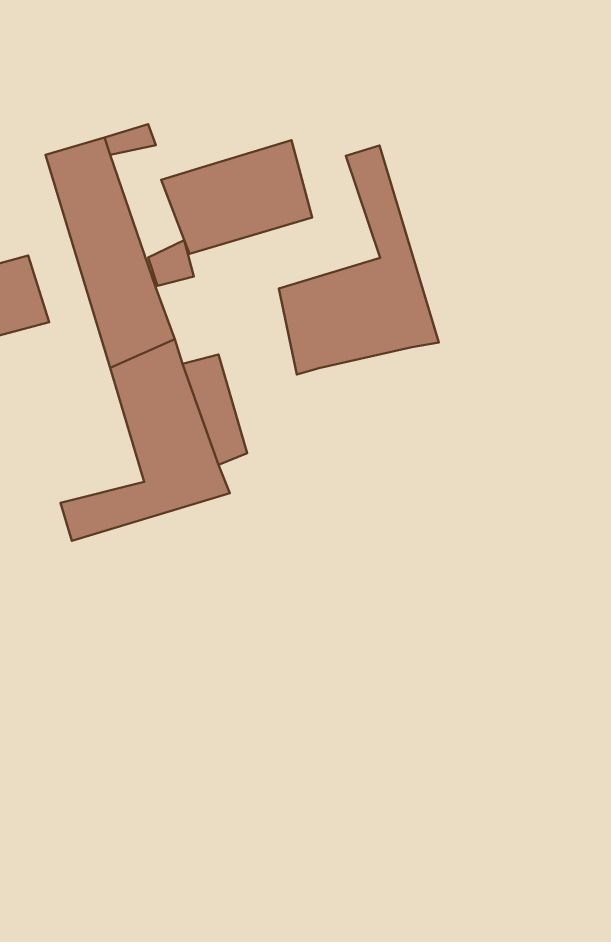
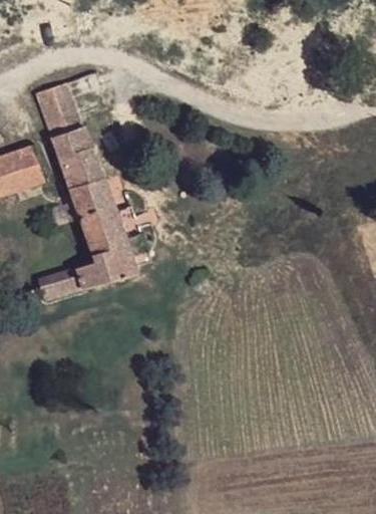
building: [161,140,312,254] -> none
building: [279,146,439,374] -> none

